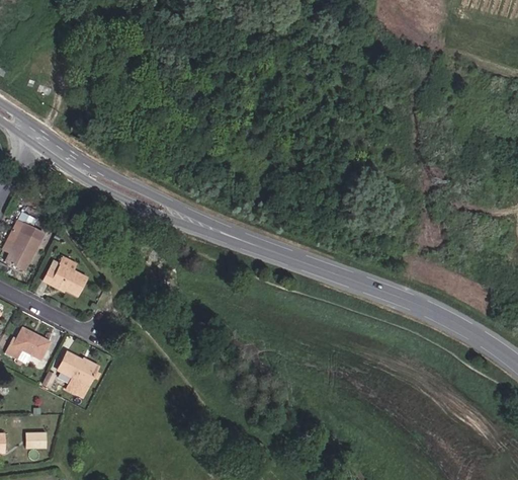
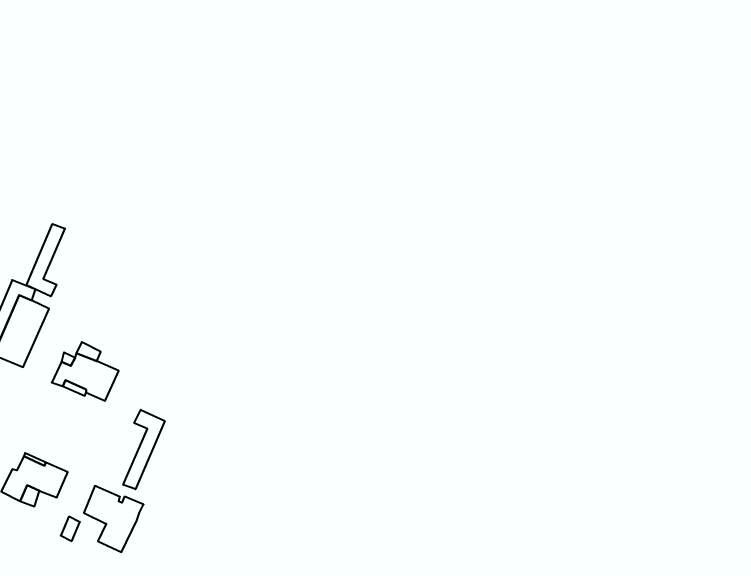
building: none -> [26,224,65,296]
building: none -> [123,410,165,489]

